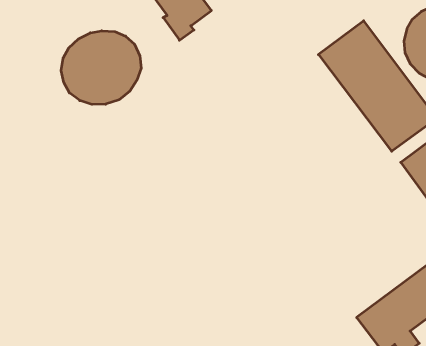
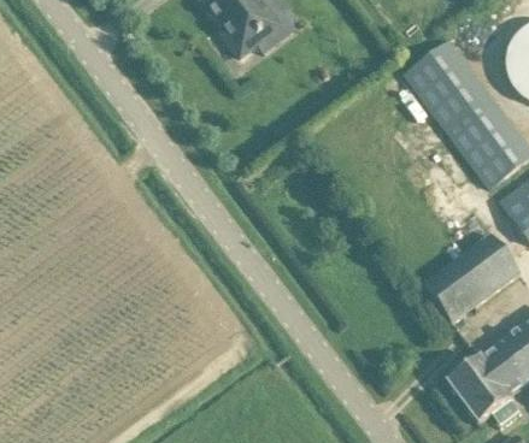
building: [61,31,141,104] -> none
building: none -> [423,234,521,324]

